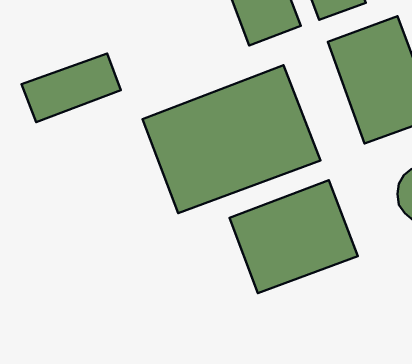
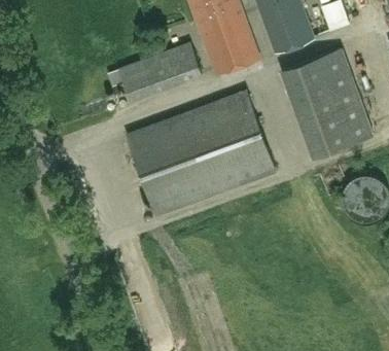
building: [21,54,121,122] -> [117,43,201,101]
building: [230,180,358,293] -> none

